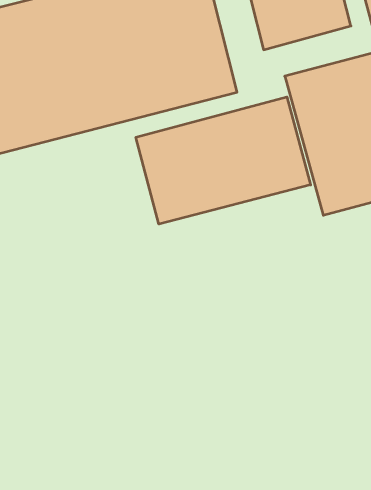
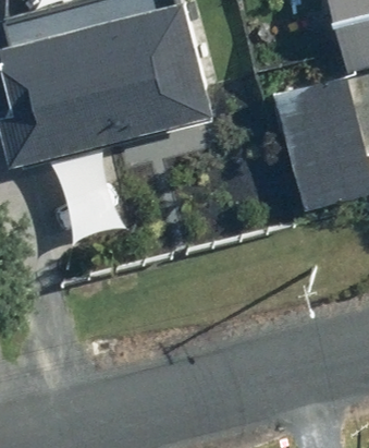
building: [136,97,311,224] -> none

